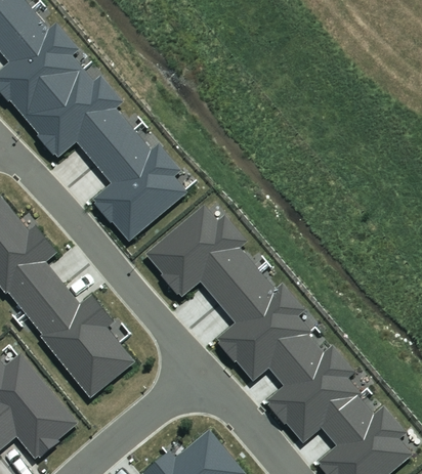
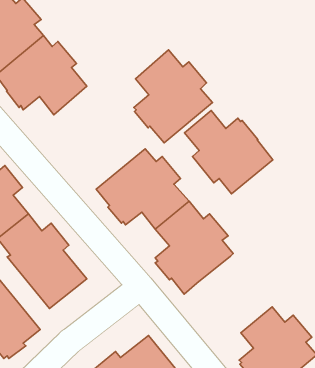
building: [92,129,187,242] -> [134,50,212,143]
building: none -> [184,111,273,194]
building: [266,335,362,443] -> none

